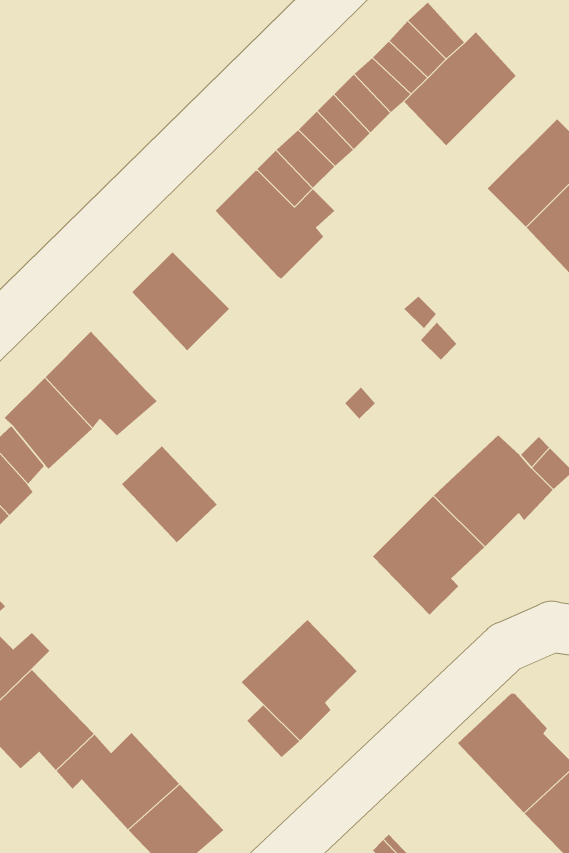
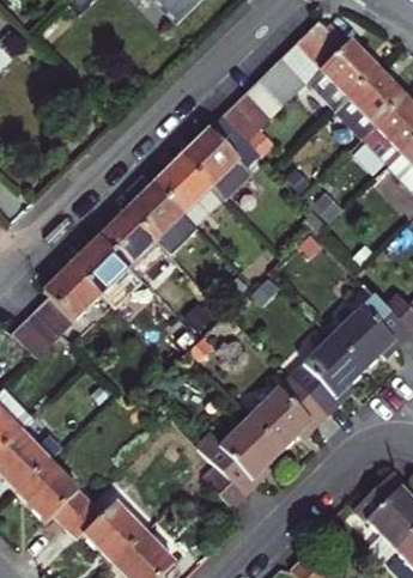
building: none -> [333,67,405,140]
building: none -> [156,154,224,223]
building: [121,445,218,543] -> [103,207,165,270]
building: none -> [243,378,322,452]

